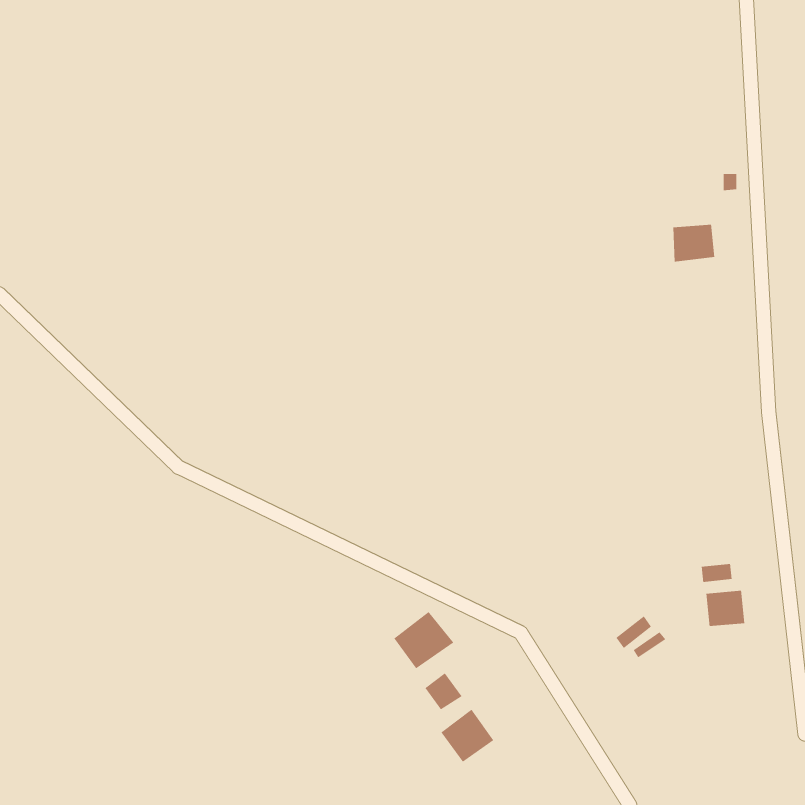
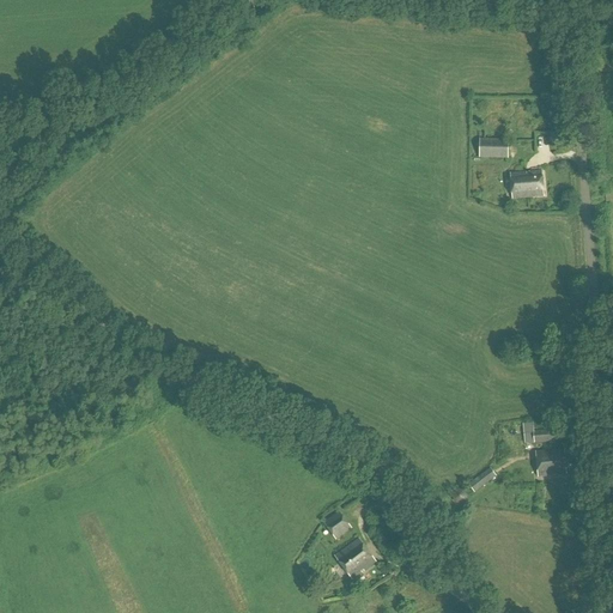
building: none -> [478,138,508,158]
building: [393,611,454,669] -> none

